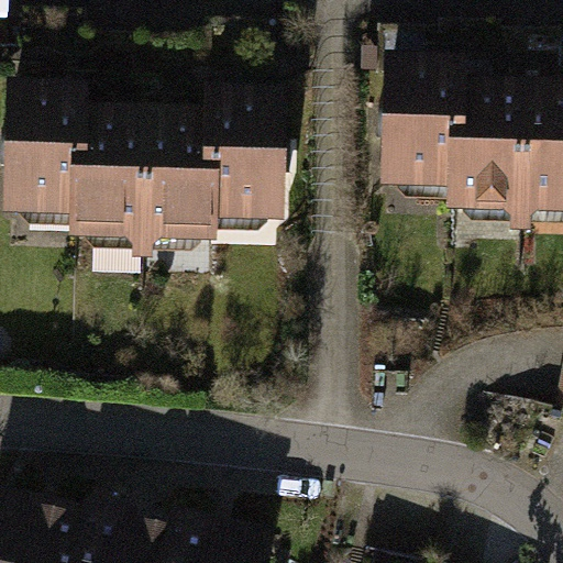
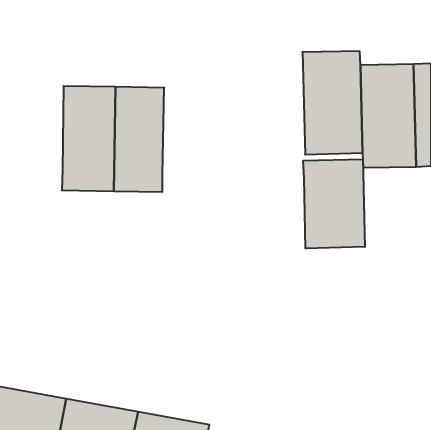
building: [7,103,80,232] -> none
building: [206,113,282,240] -> none
building: none -> [303,159,365,249]

